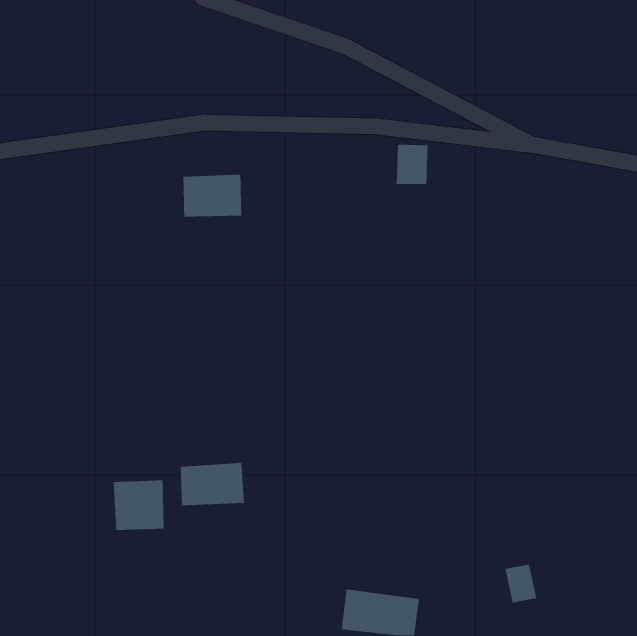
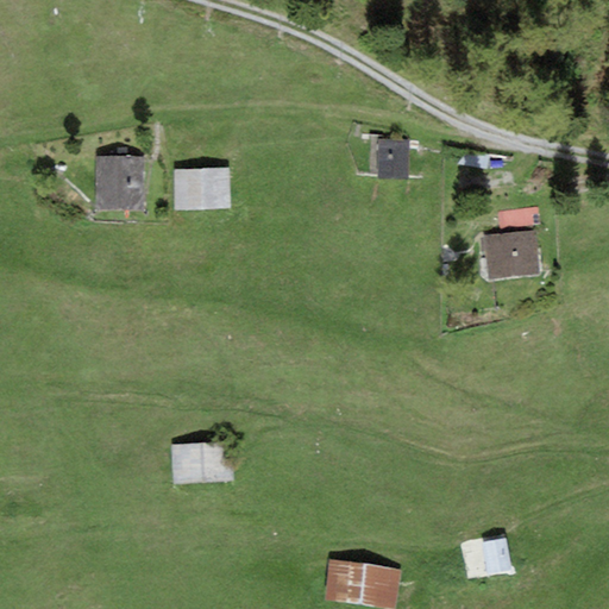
building: none -> [94,155,146,211]
building: none -> [483,228,538,277]
building: [113,479,164,531] -> none

